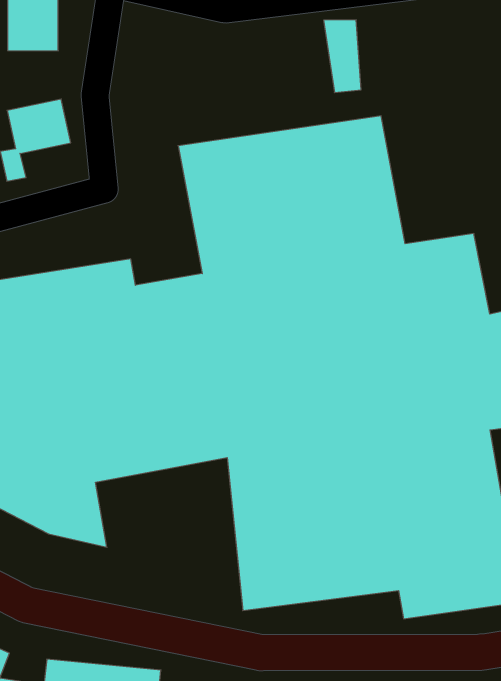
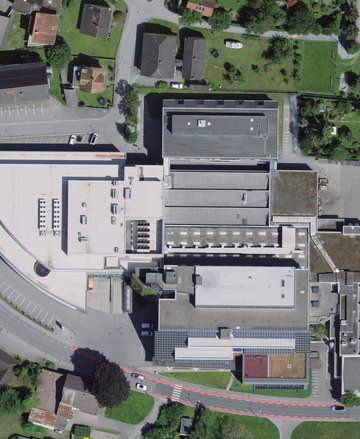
building: [324,20,361,93] -> [185,35,204,77]
building: none -> [140,31,175,76]

